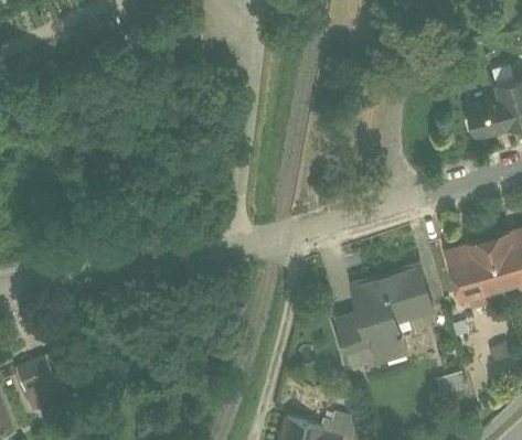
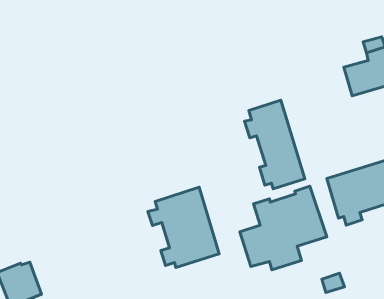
building: none -> [244,100,305,189]
building: none -> [148,187,219,267]

